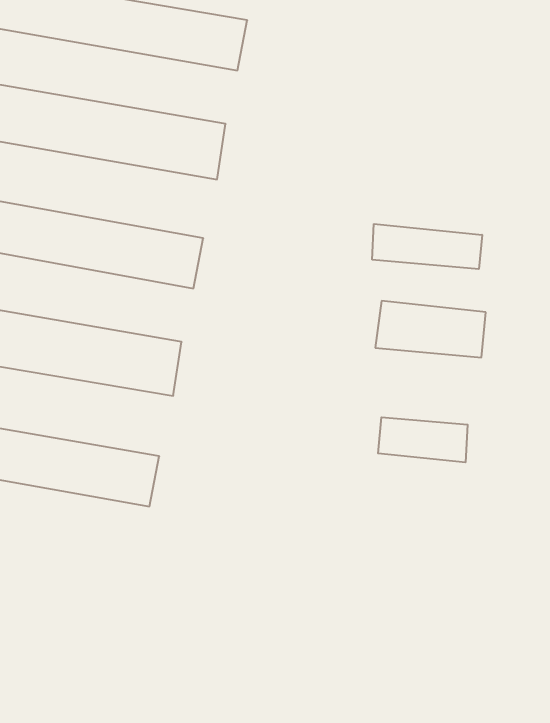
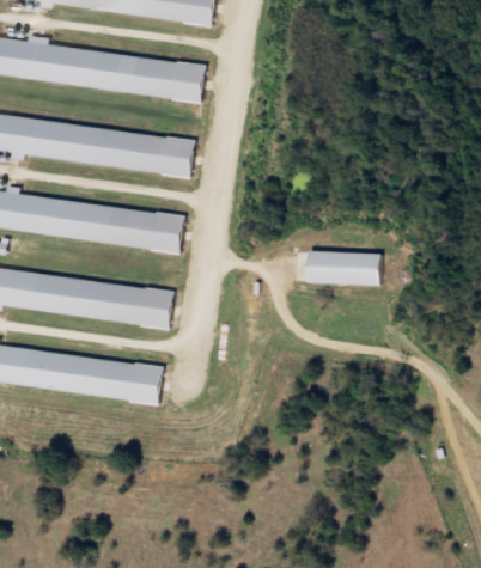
building: [372,224,482,269] -> none
building: [378,417,468,462] -> none

